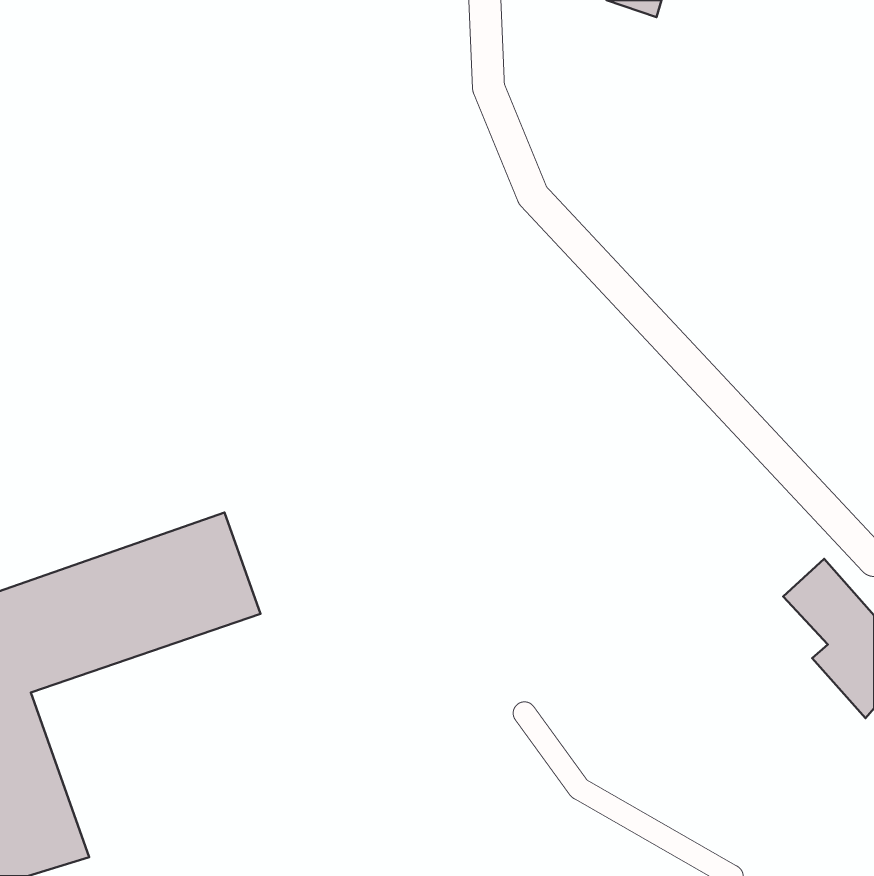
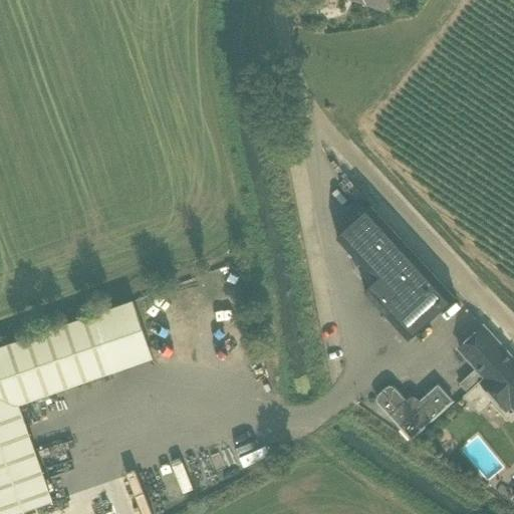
building: none -> [336,206,455,340]
building: none -> [374,382,454,441]

